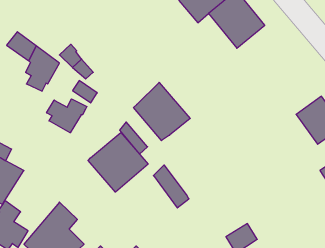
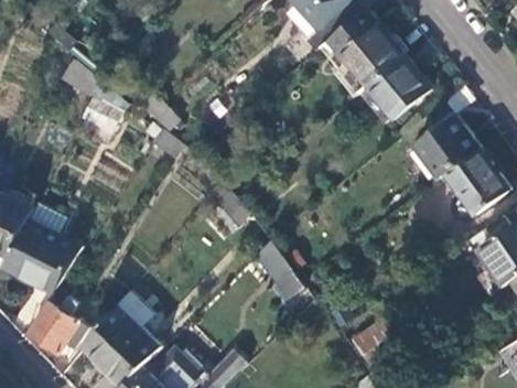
building: none -> [366,56,430,120]
building: none -> [416,117,480,179]
building: [134,82,190,141] -> none
building: [47,99,87,133] -> none
building: [88,133,148,192] -> none

